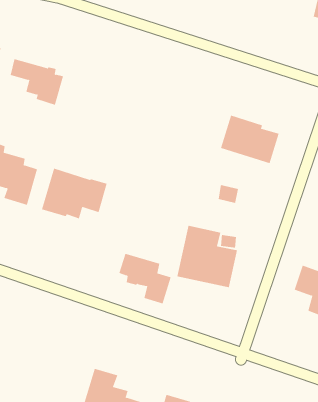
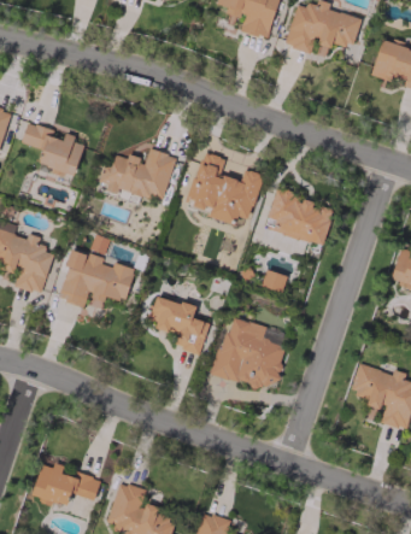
building: none -> [99,149,176,199]
building: none -> [188,152,263,224]
building: [118,253,172,304] -> [148,295,210,354]
building: none -> [31,463,100,506]

